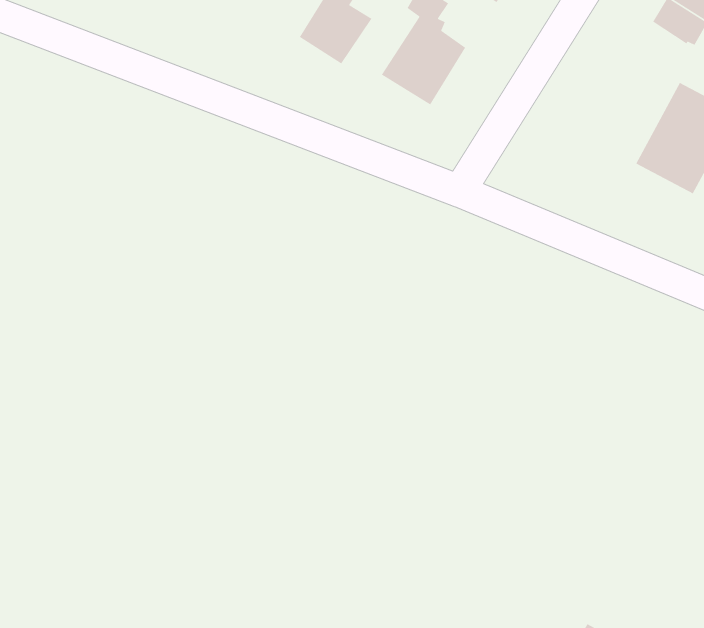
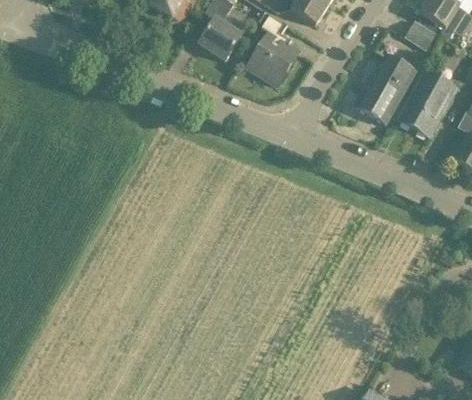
building: none -> [354,55,414,124]

